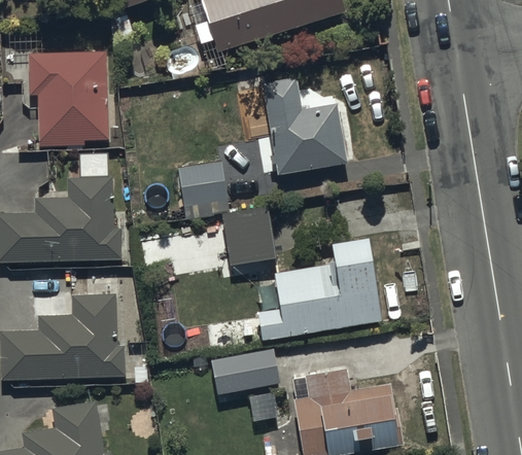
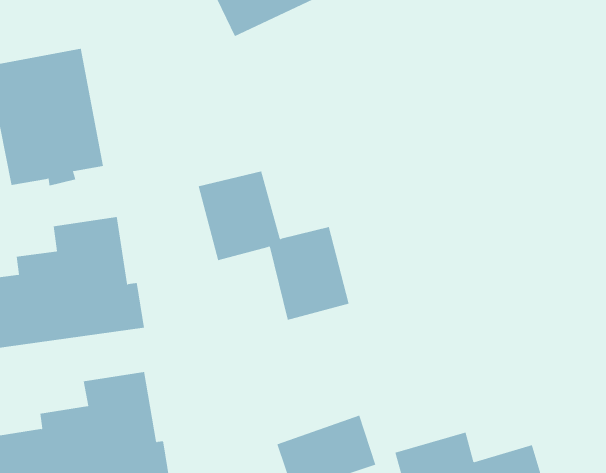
building: [264,78,348,178] -> none
building: [255,242,381,343] -> none

